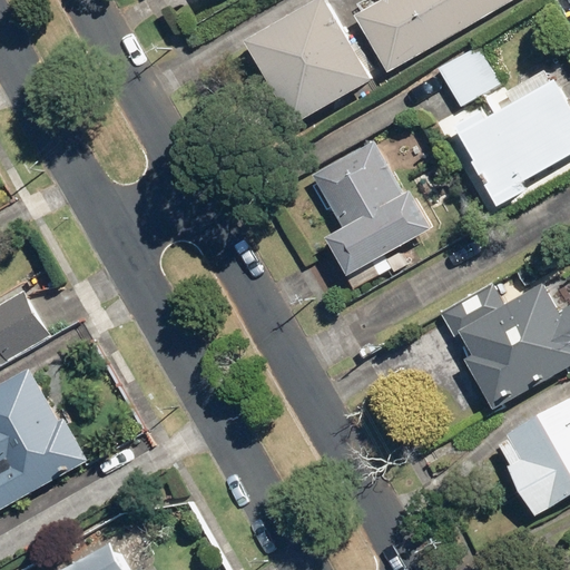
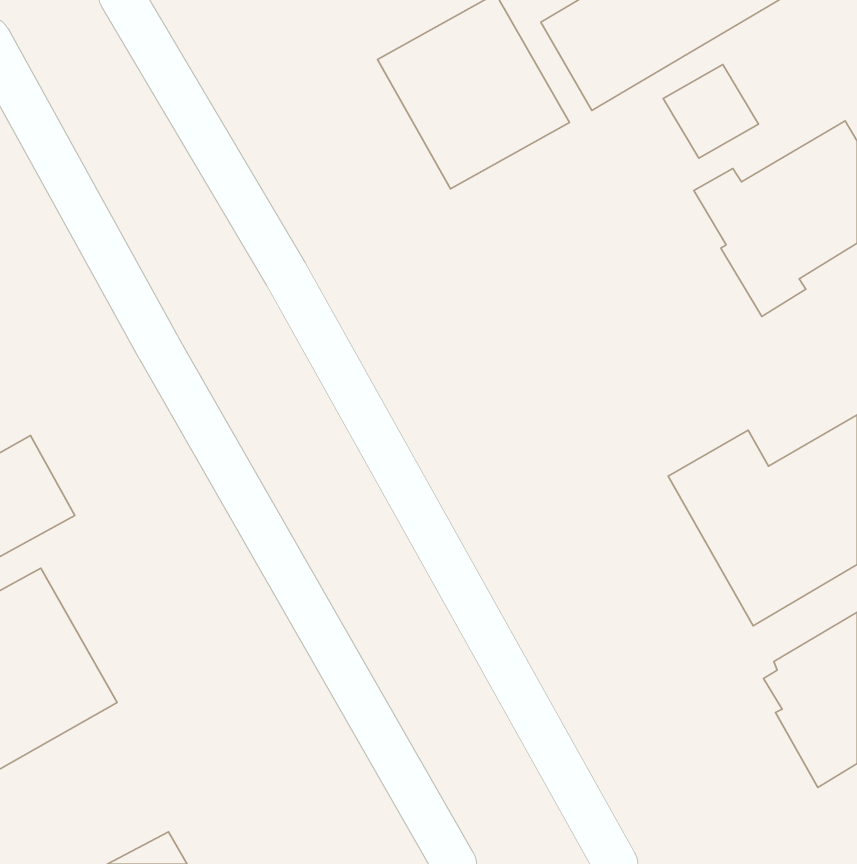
building: [311,140,432,276] -> none

